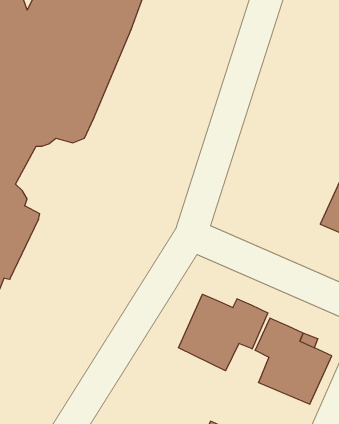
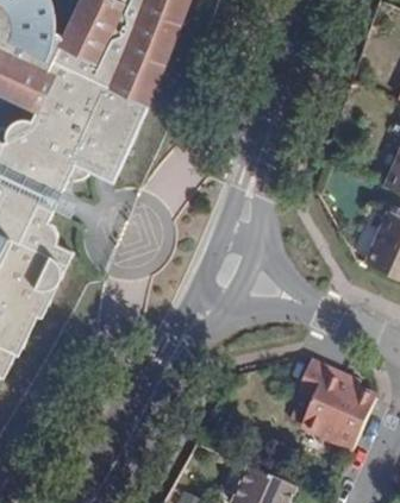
building: [178,294,268,371] -> none

